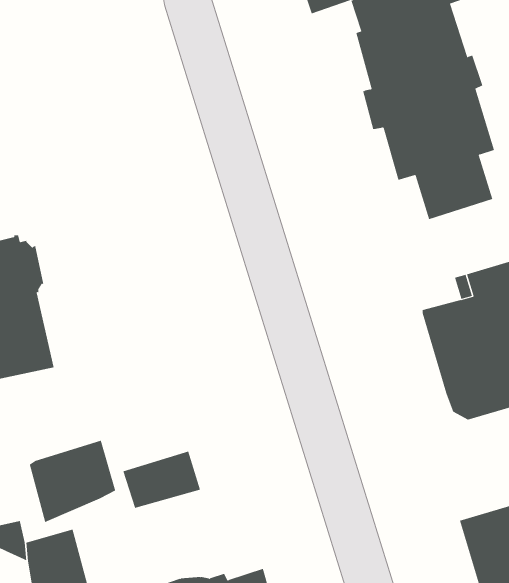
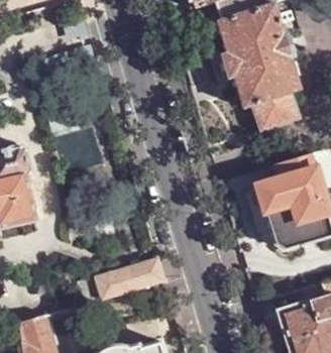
building: none -> [118,257,165,292]
building: [29,440,116,523] -> none

